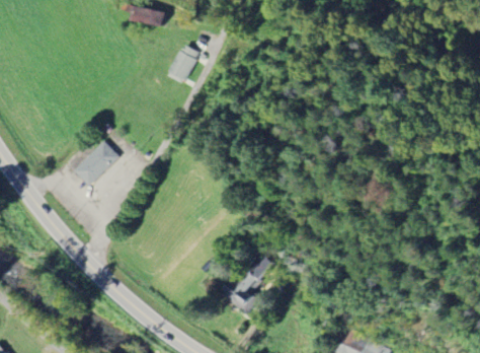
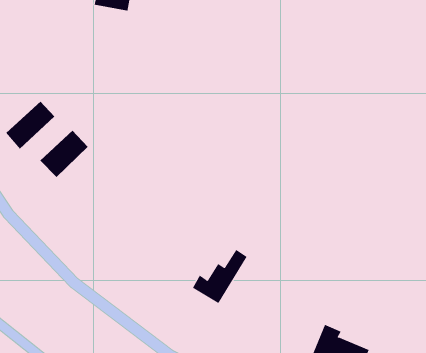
building: [165,43,196,82] -> none
building: none -> [6,101,55,149]

